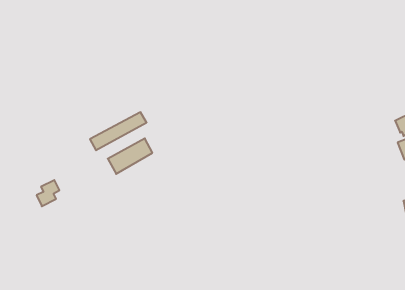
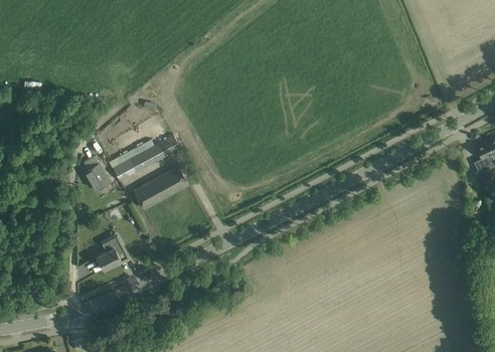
building: none -> [81,156,111,191]
building: [37,180,59,206] -> [97,237,124,269]

